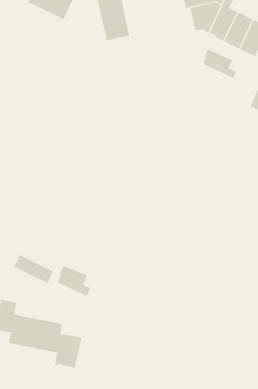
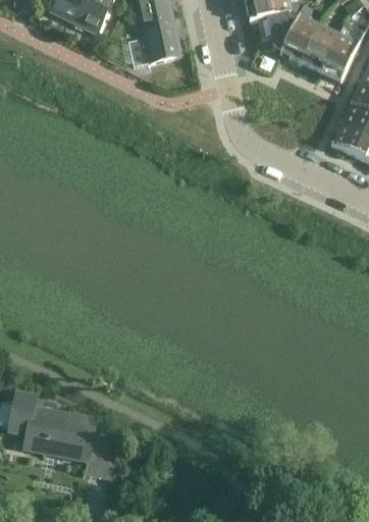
building: [201,49,237,79] -> none
building: [14,254,54,283] -> none
building: [55,265,91,297] -> none

